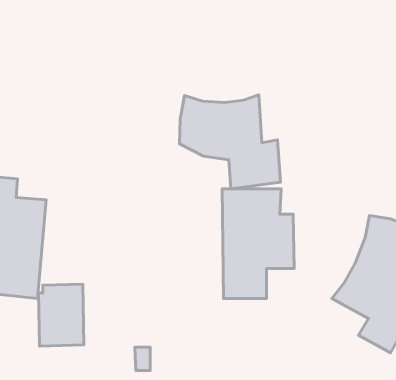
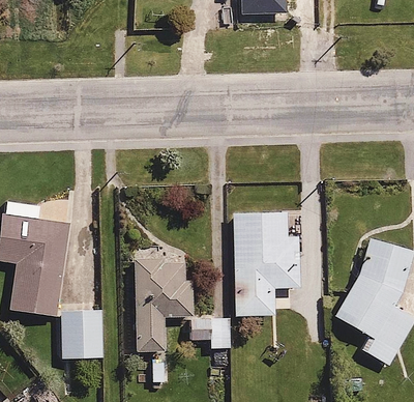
building: [179,95,280,189] -> none
building: none -> [134,249,230,351]

